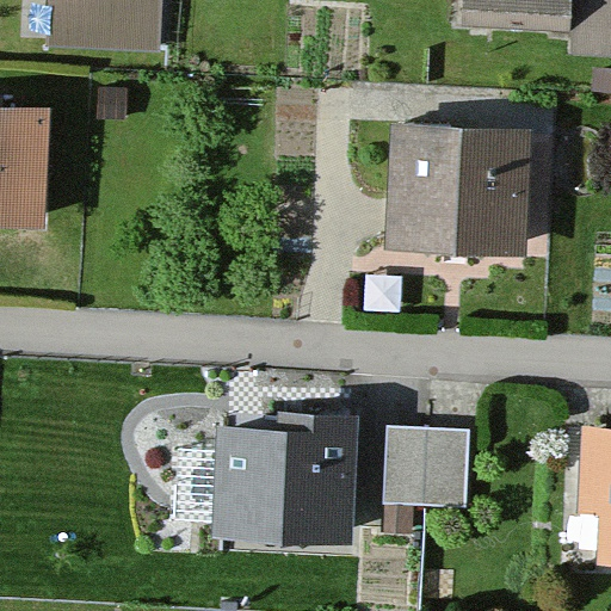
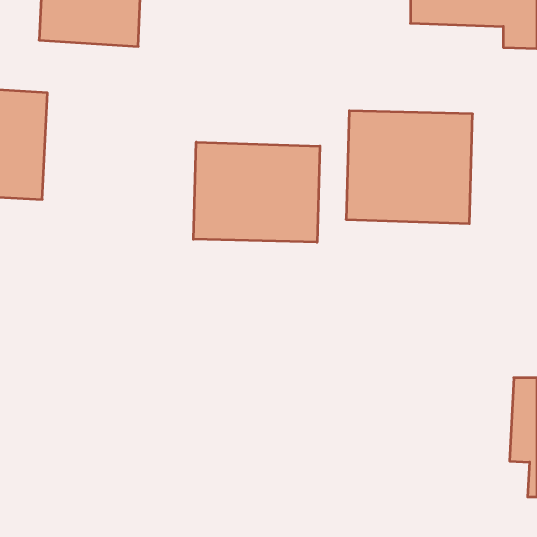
building: none -> [193,142,320,242]
building: [214,411,357,545] -> none
building: [374,431,464,516] -> none

